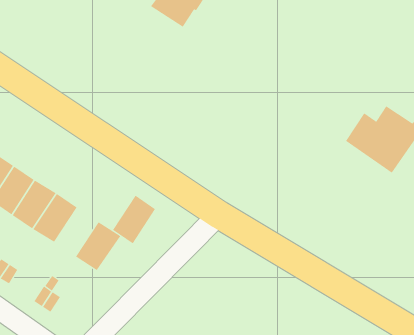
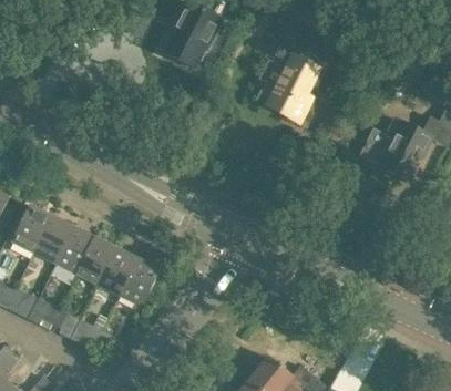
building: none -> [256,35,332,121]
building: [112,195,156,244] -> [98,248,136,295]

